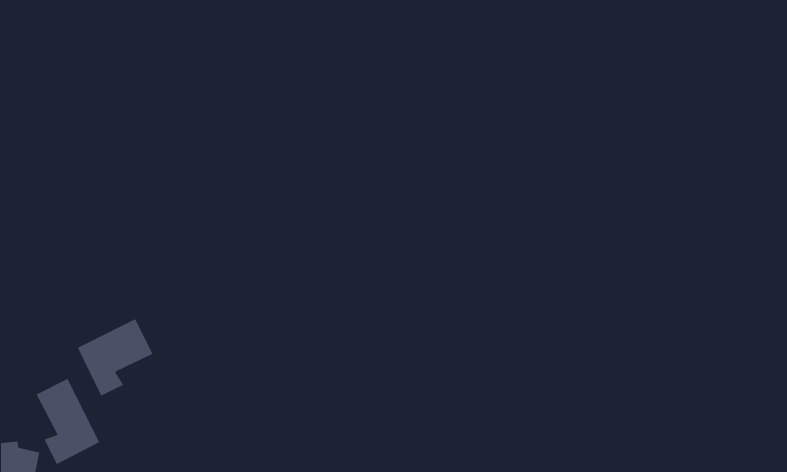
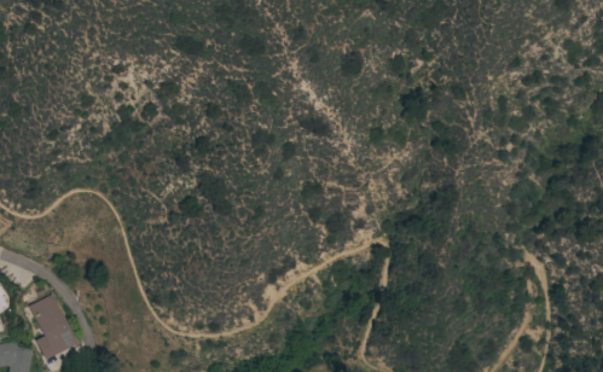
building: [77,318,153,397] -> none

